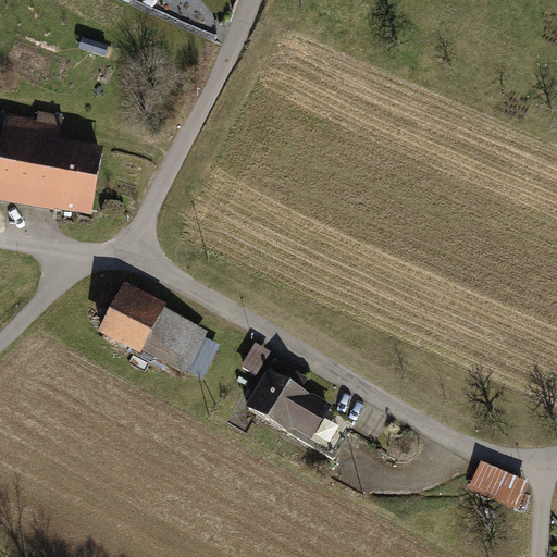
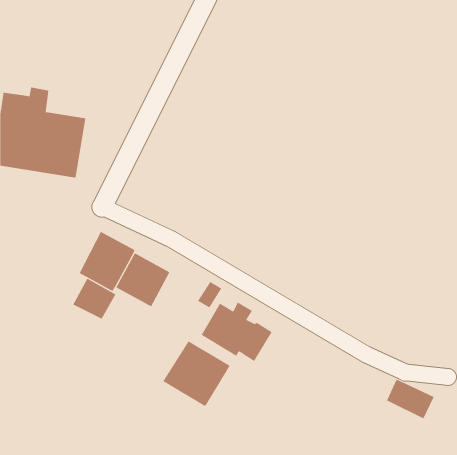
building: none -> [73,278,116,320]
building: none -> [163,341,230,407]

